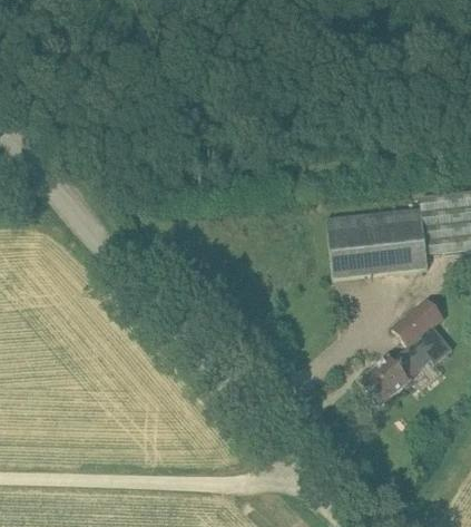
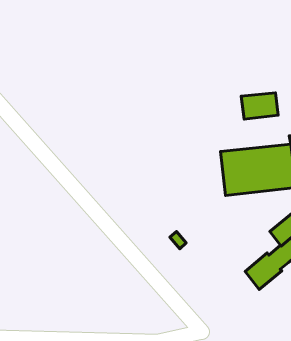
building: none -> [241,93,278,119]

